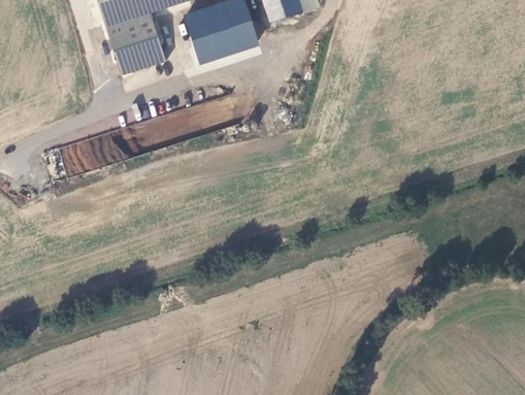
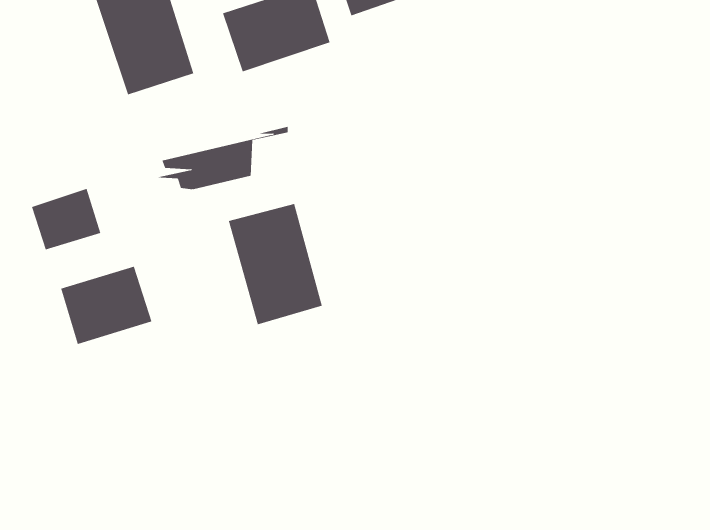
building: none -> [228,203,323,325]
building: none -> [60,266,152,345]

